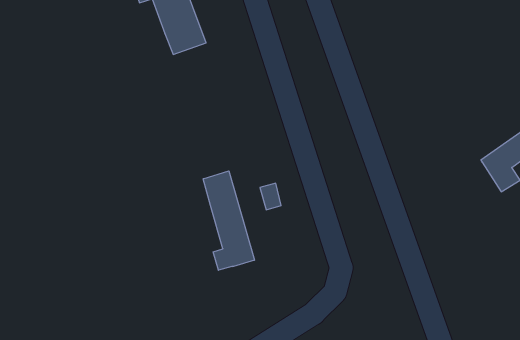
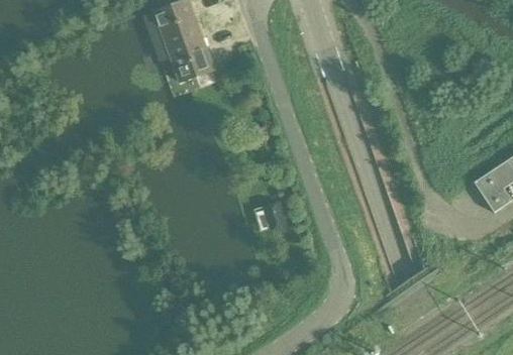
building: [203,171,254,270] -> none

